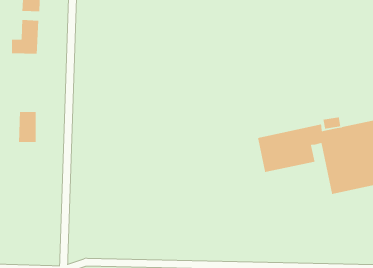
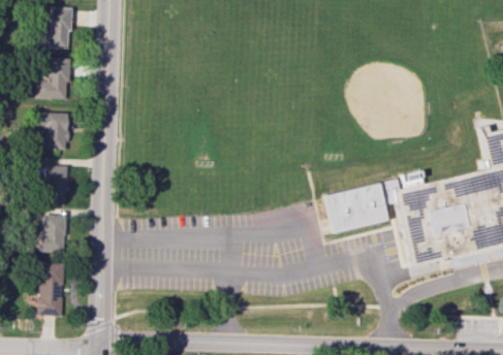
building: none -> [36,110,68,149]
building: none -> [40,214,66,252]
building: none -> [37,261,64,315]

